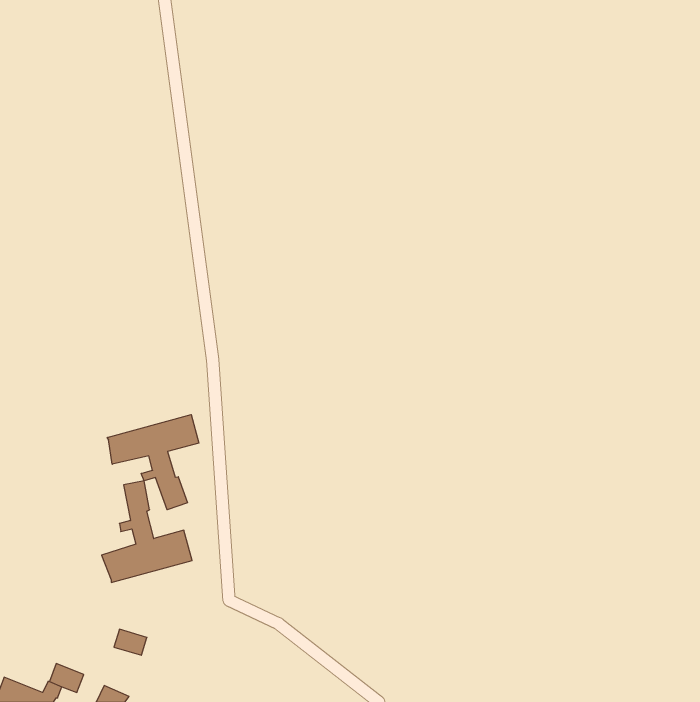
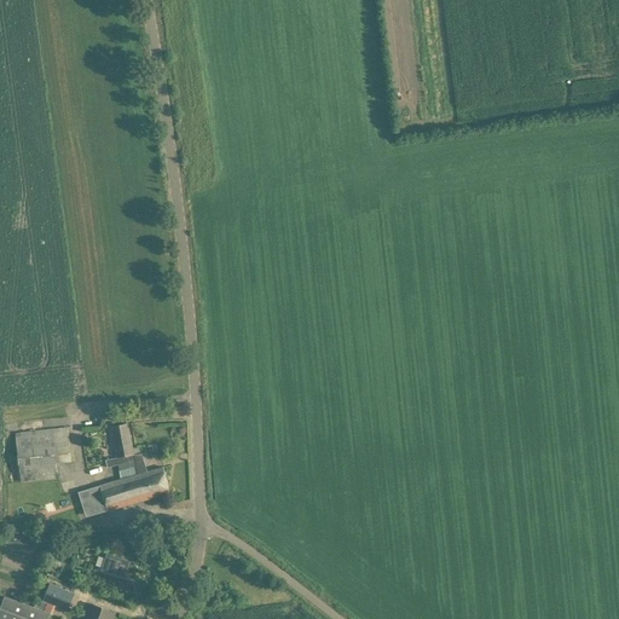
building: [107,415,199,510] -> none
building: none -> [15,427,70,482]

